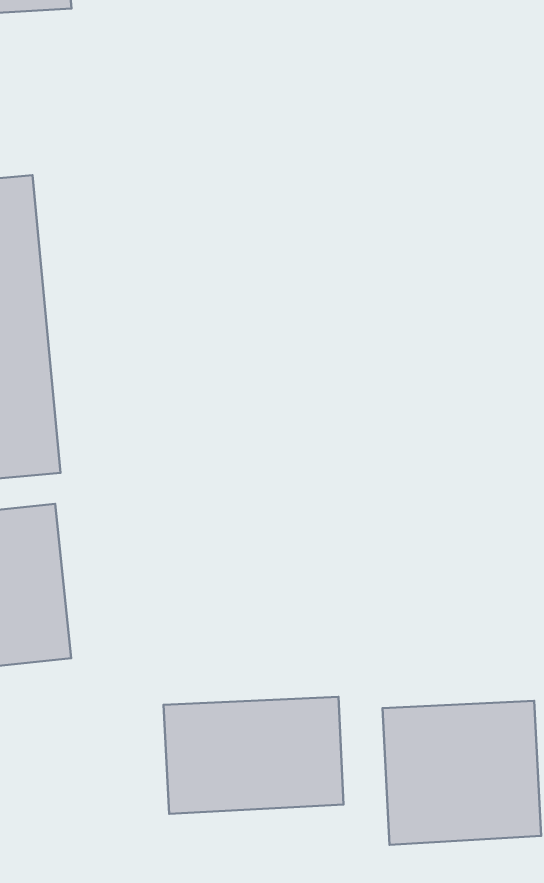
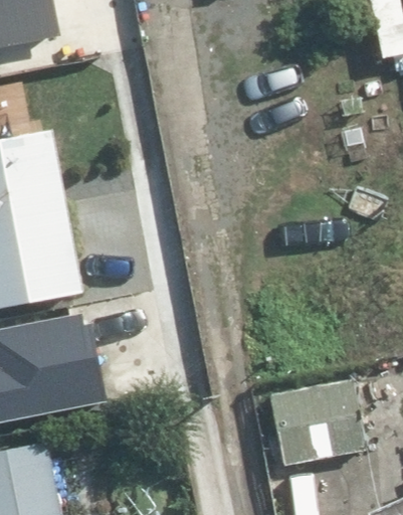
building: [164,697,344,814] -> none

